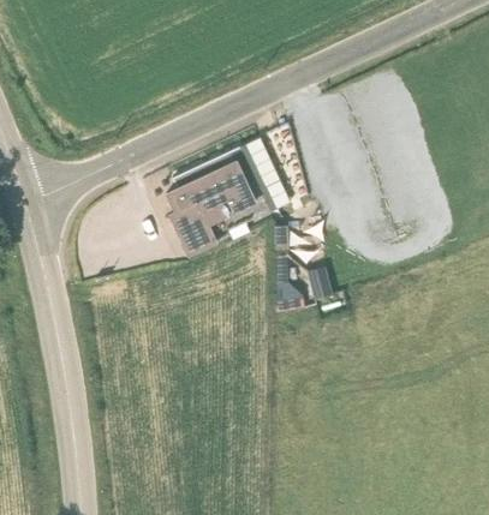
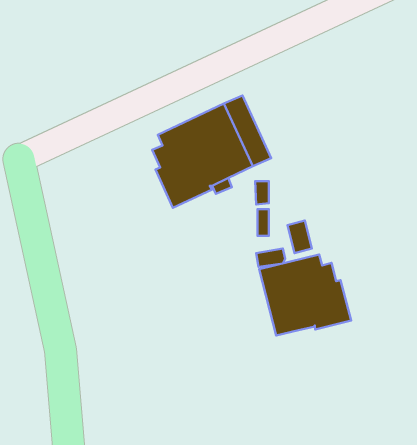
building: none -> [259,254,351,335]

